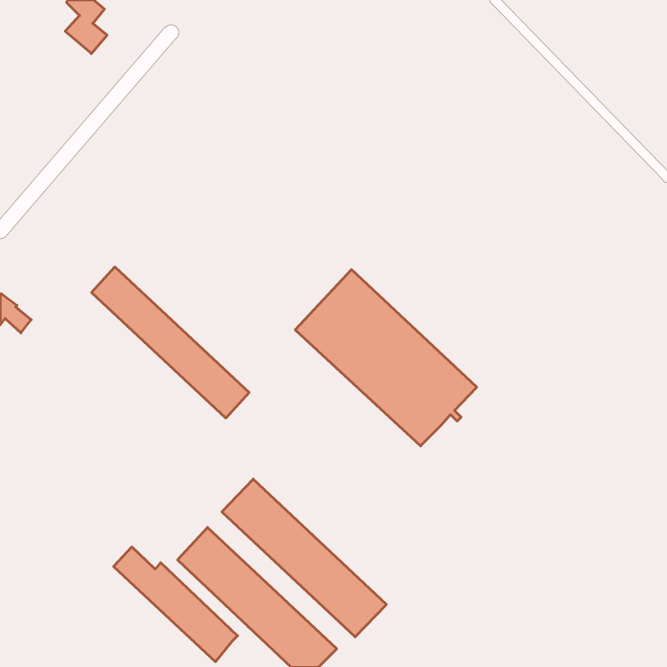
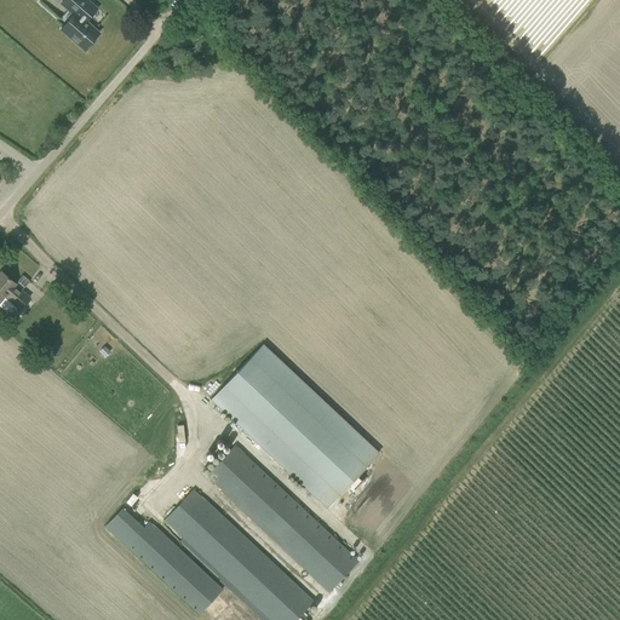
building: [92,267,249,418] -> none
building: [295,270,477,446] -> [211,344,379,507]

